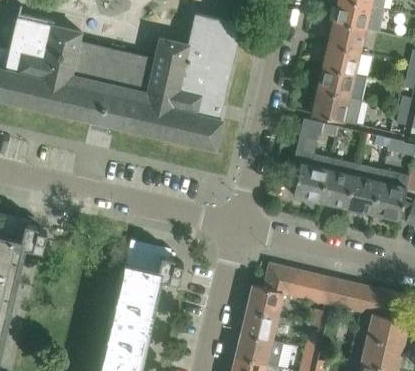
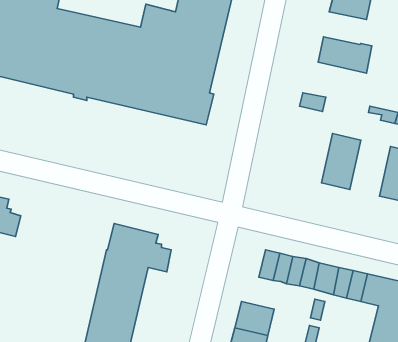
building: [322,46,361,76] -> none
building: [311,92,361,125] -> none
building: [292,136,330,202] -> none
building: [346,163,383,214] -> none
building: [247,285,283,317] -> none

